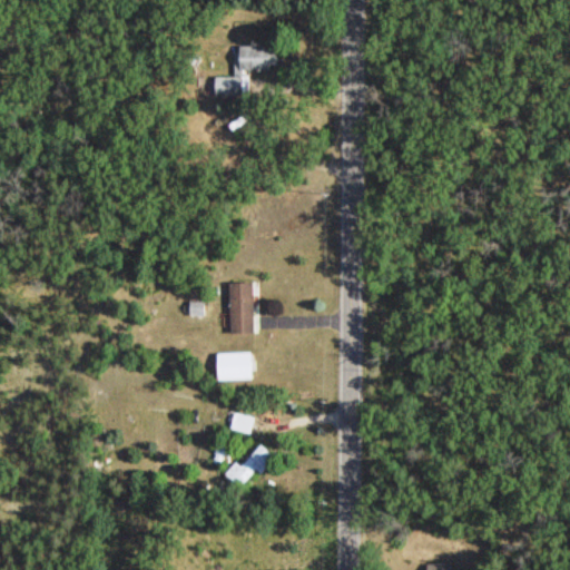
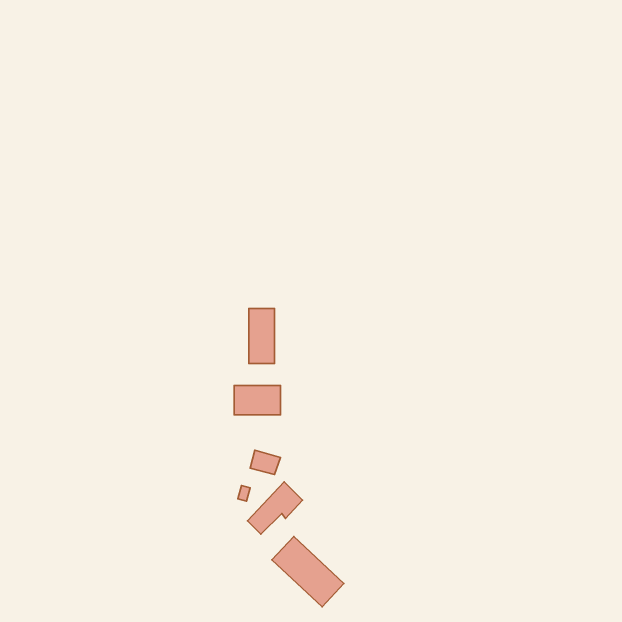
building: [213,43,273,97] -> none
building: none -> [272,536,344,607]

